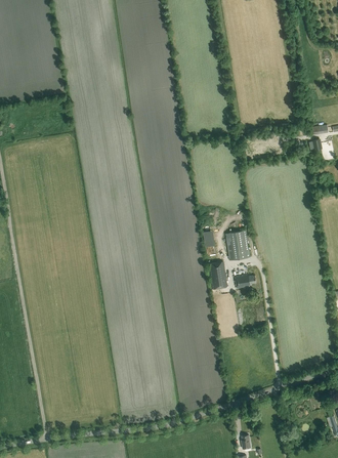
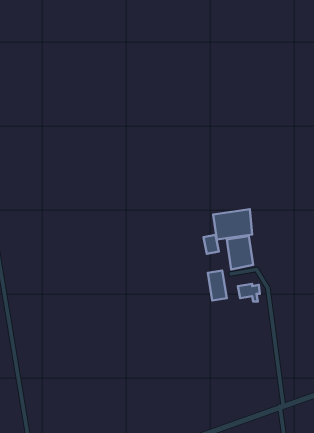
building: none -> [213,209,252,240]

